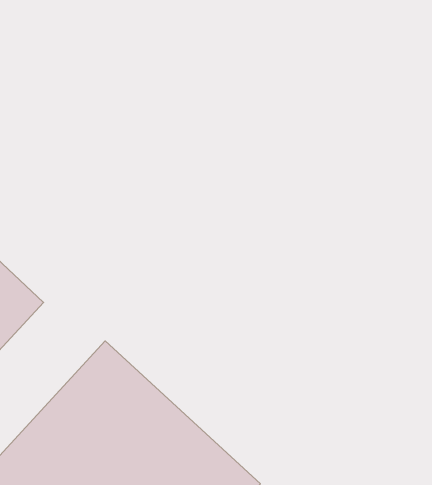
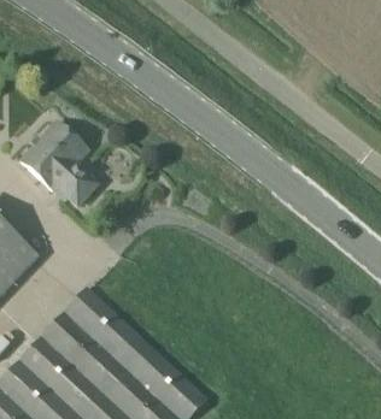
building: none -> [20,118,96,201]

